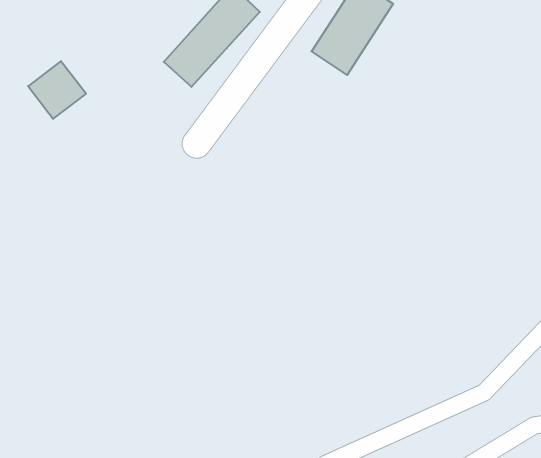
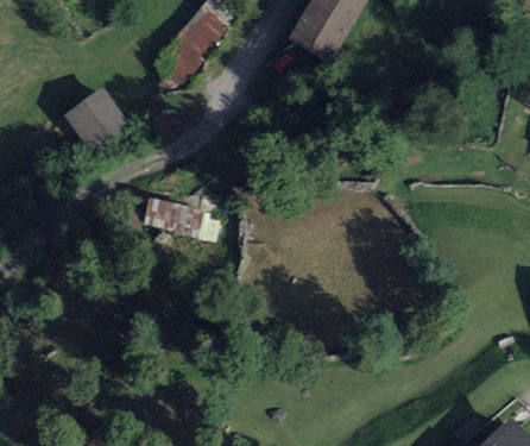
building: [28,61,86,119] -> [70,93,122,145]
building: none -> [152,201,225,233]

